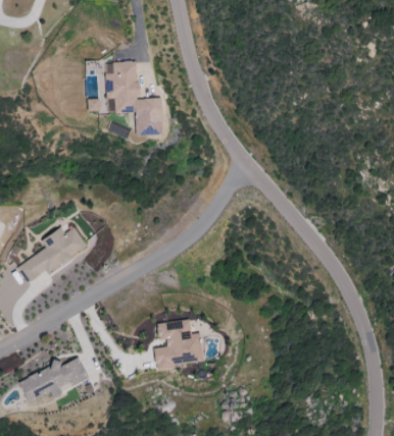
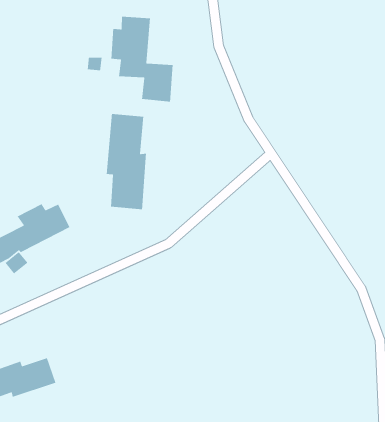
building: none -> [106,113,147,210]
building: [154,321,204,371] -> none

